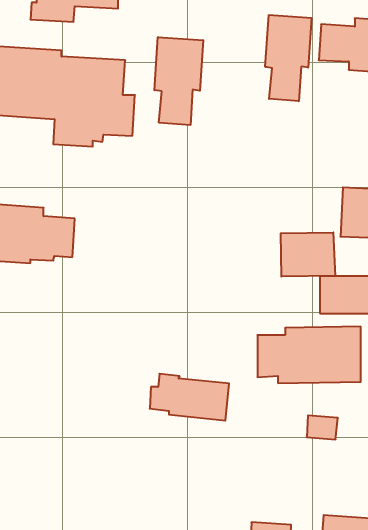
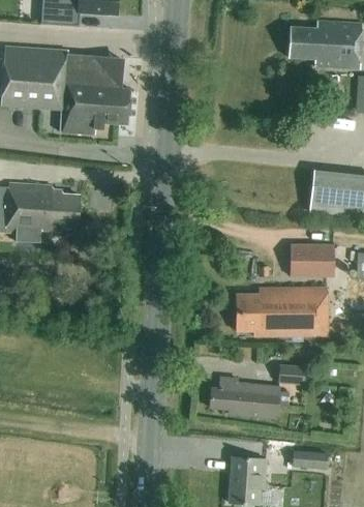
building: [265,15,311,101] -> none
building: [154,37,203,125] -> none
building: [281,232,335,277] -> none
building: [150,374,229,421] -> [212,378,280,418]

